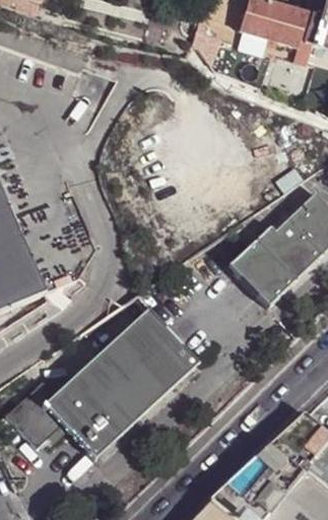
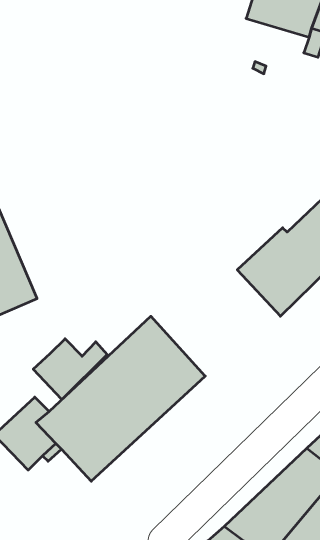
building: none -> [33,339,107,399]

